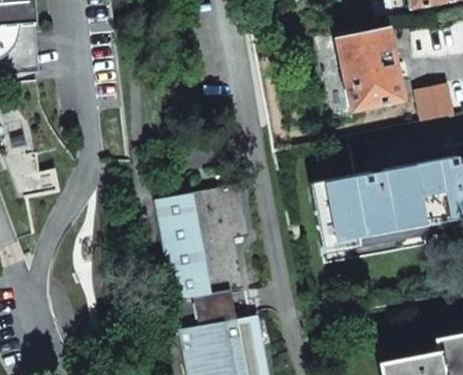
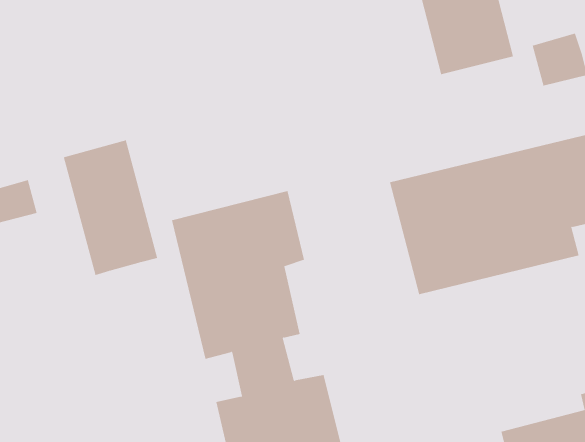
building: none -> [63,140,158,276]

